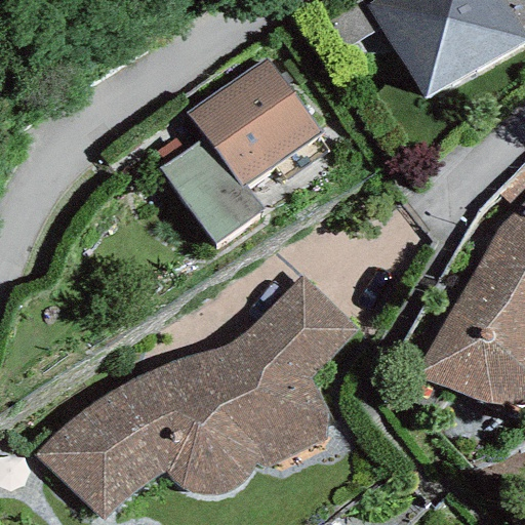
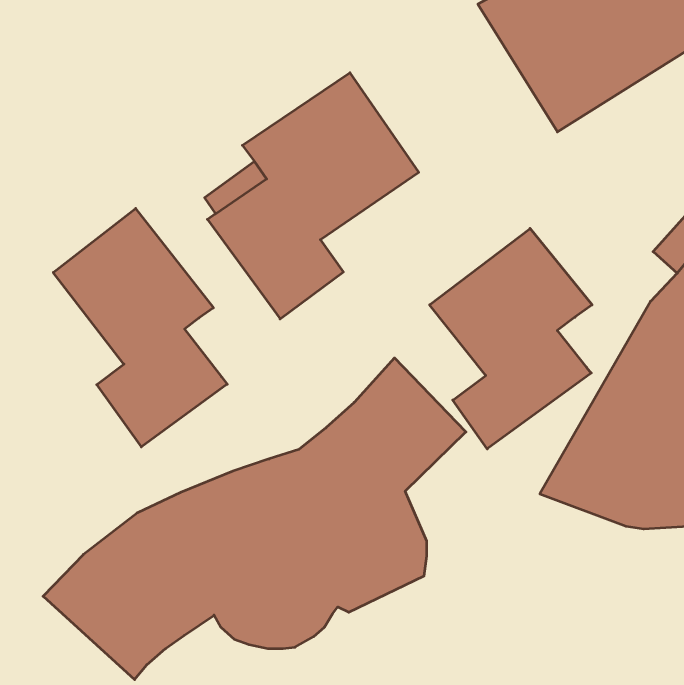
building: none -> [53,208,227,447]
building: none -> [430,228,592,449]

